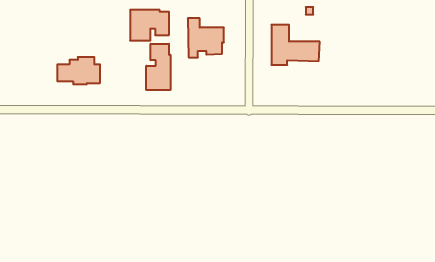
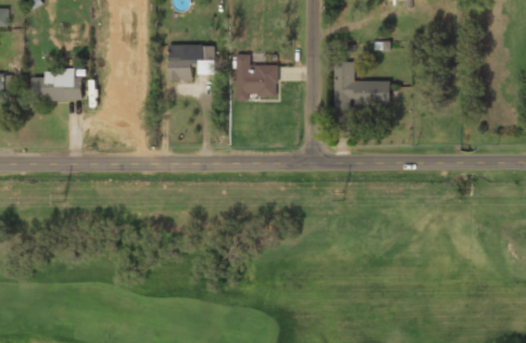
building: [146,44,170,90] -> none
building: [57,57,100,84] -> [32,68,82,100]

